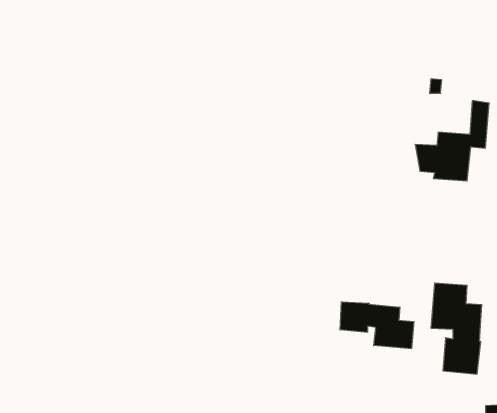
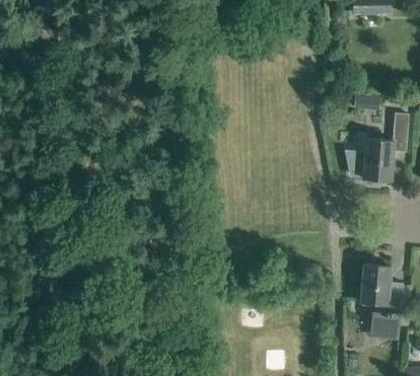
building: [340,302,414,349] -> none

